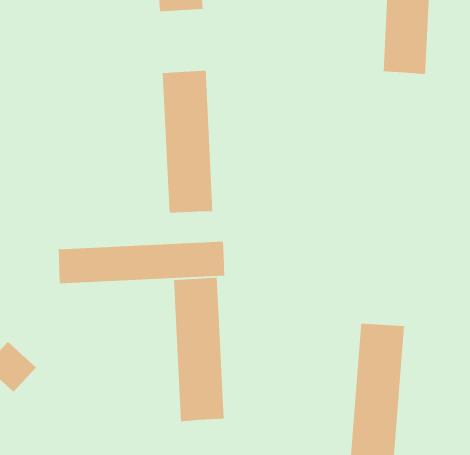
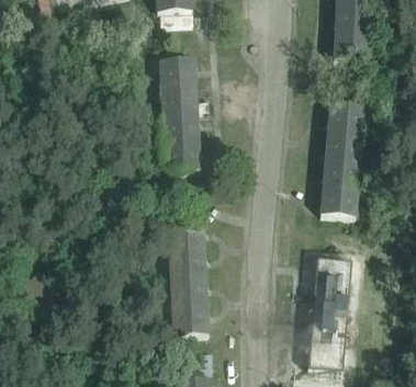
building: none -> [321,102,364,216]
building: [58,241,225,284] -> none

